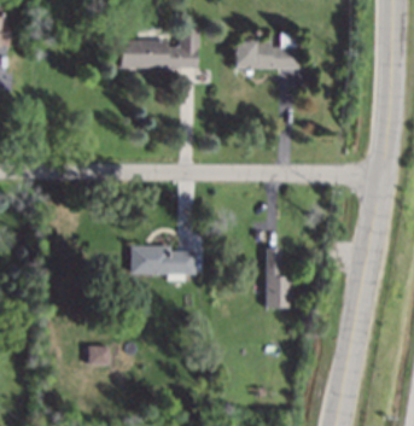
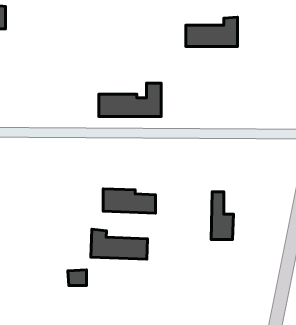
building: [121,28,198,69] -> [99,83,161,116]
building: none -> [91,229,147,259]

